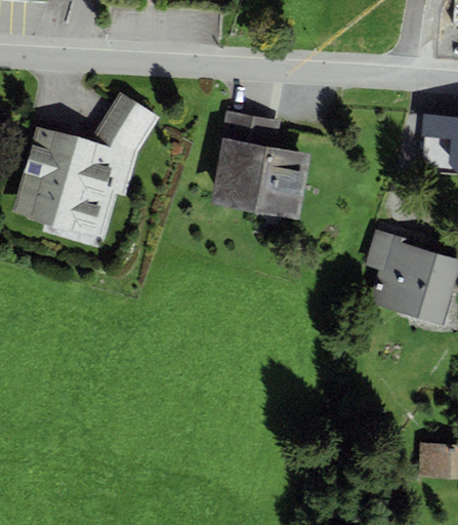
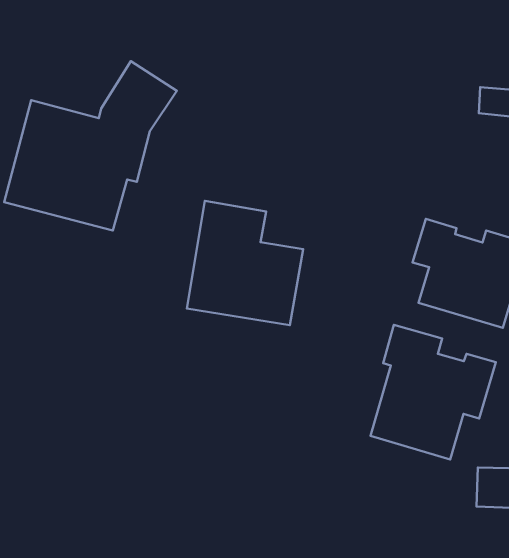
building: [210,113,310,220] -> [187,201,303,325]
building: none -> [371,325,496,459]

